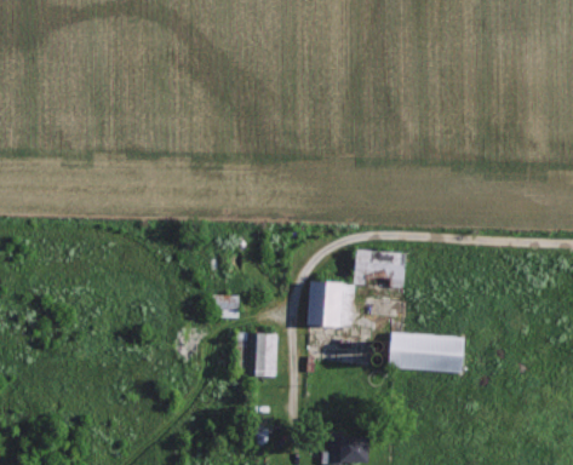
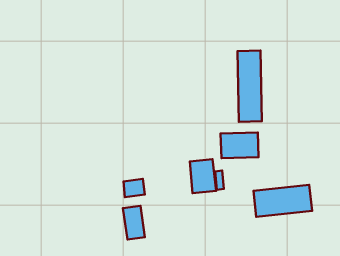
building: none -> [237,51,262,122]
building: [254,333,279,377] -> [123,206,145,240]

